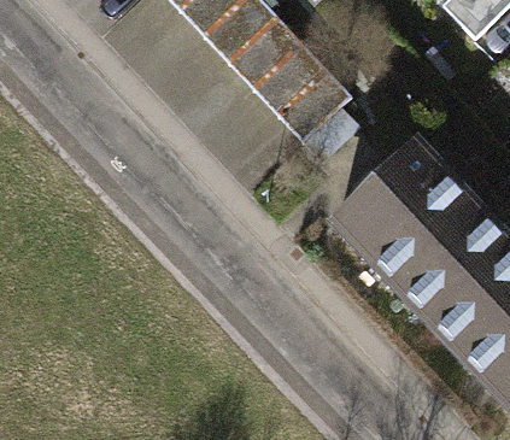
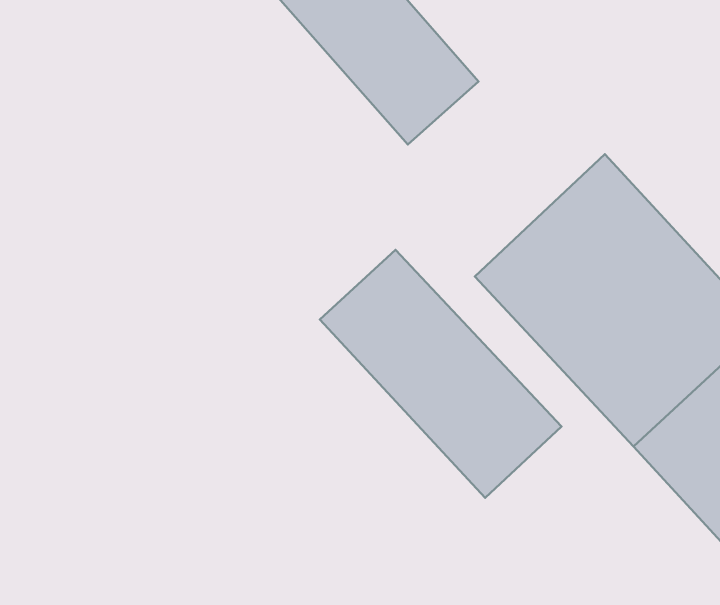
building: none -> [320,250,561,498]

